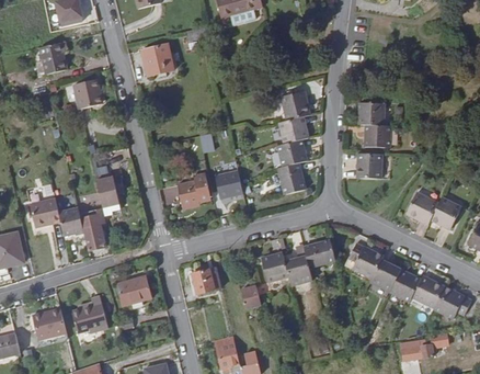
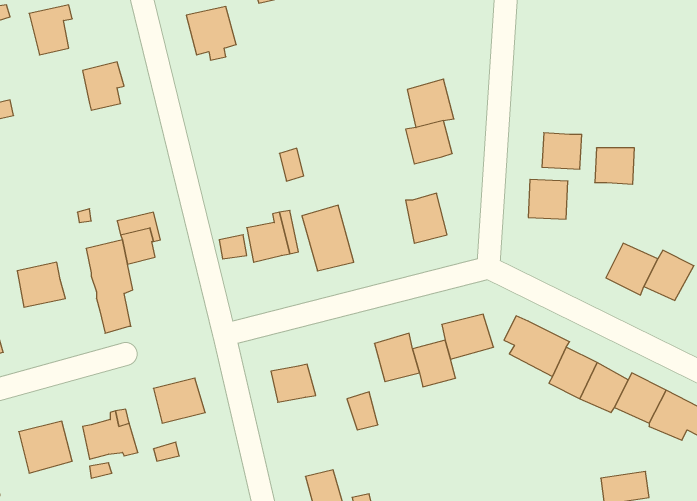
building: [358,100,384,123] -> [595,148,634,184]
building: [277,137,307,165] -> none
building: [59,211,84,239] -> none

